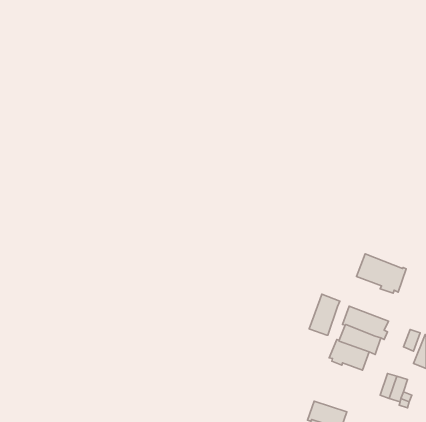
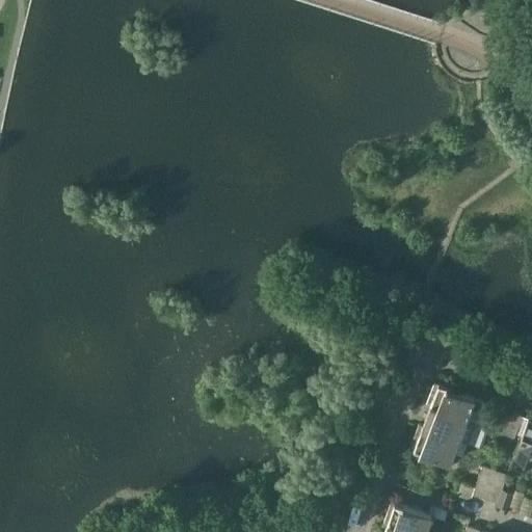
building: [356,254,406,293] -> none
building: [309,294,340,335] -> none

